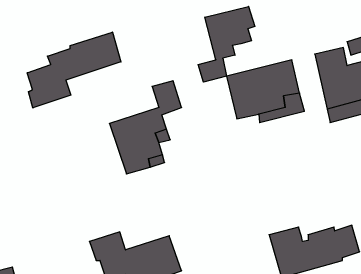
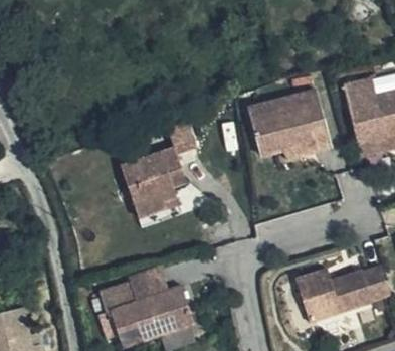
building: [198,6,255,82] -> none
building: [27,32,121,108] -> none

